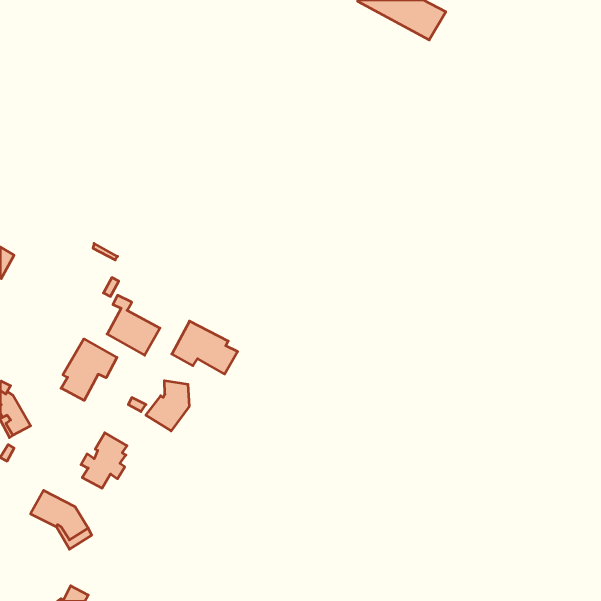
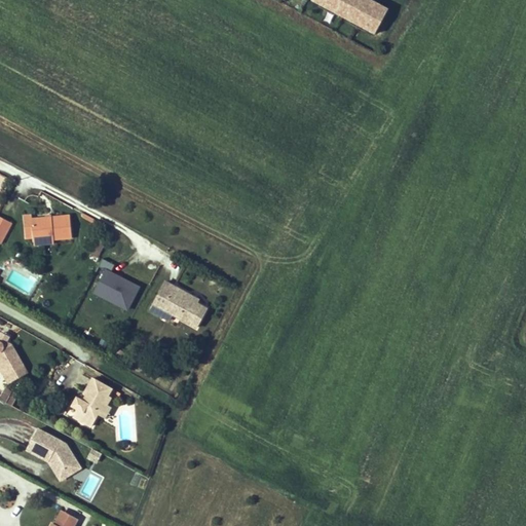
building: none -> [24,215,72,241]
building: [61,339,117,400] -> none
building: [146,381,189,431] -> none

